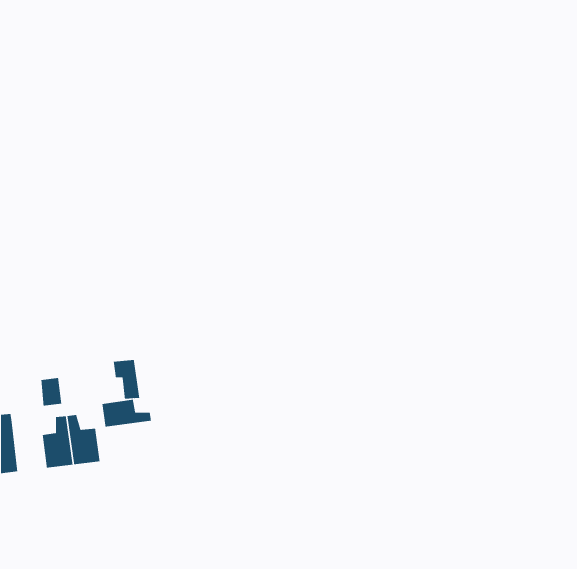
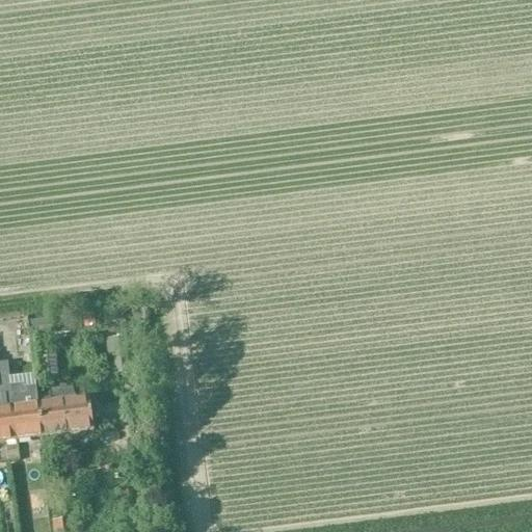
building: [101,399,152,427] -> none
building: none -> [11,388,43,434]

